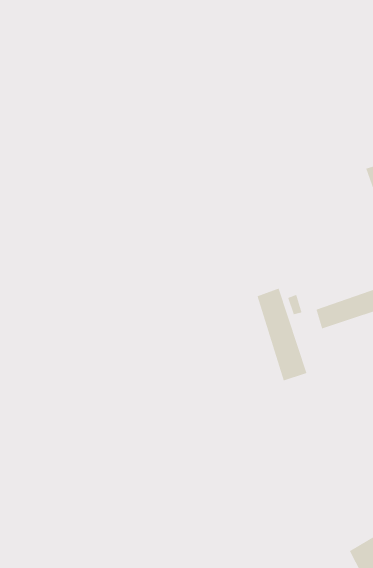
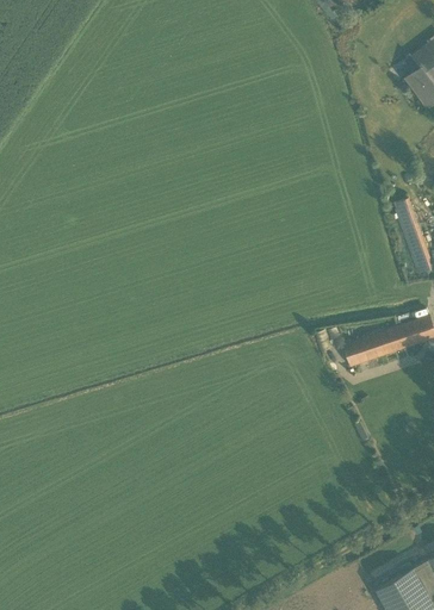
building: [257,288,307,382] -> none

